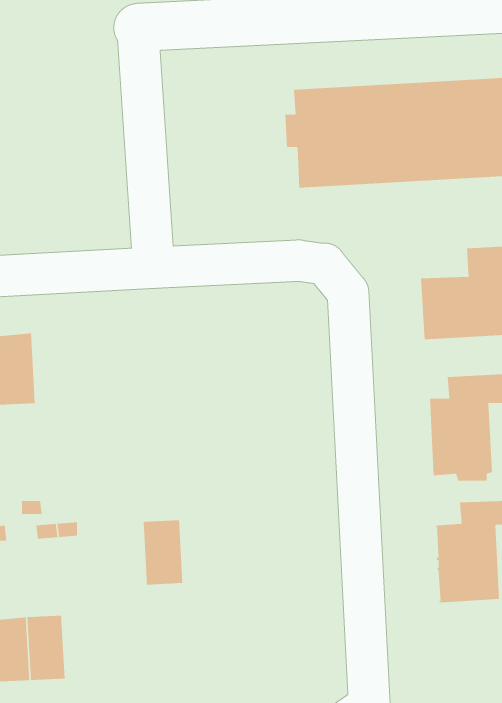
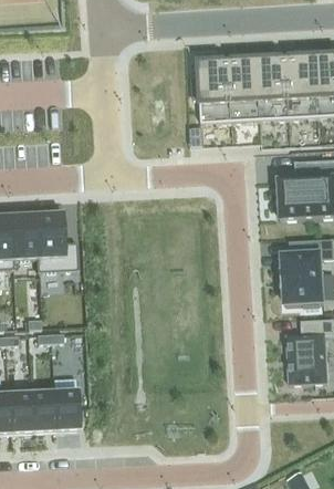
building: none -> [34,211,79,270]
building: [143,520,183,585] -> [53,388,79,429]

